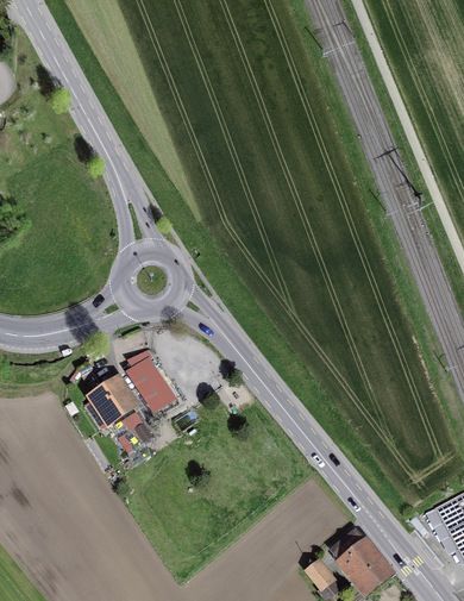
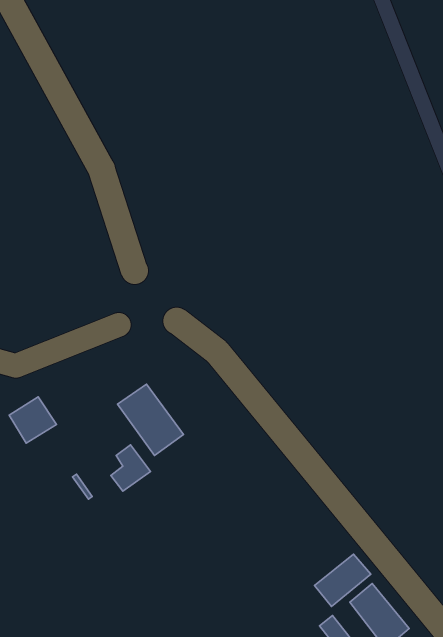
building: [88,381,131,422] -> [9,397,57,443]
building: none -> [315,554,371,607]

